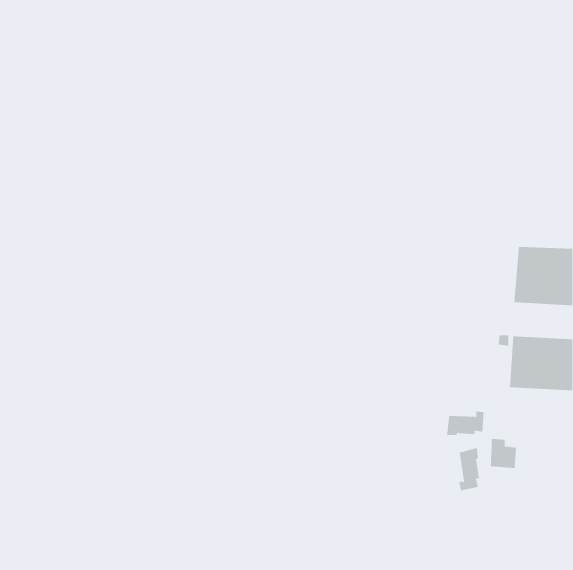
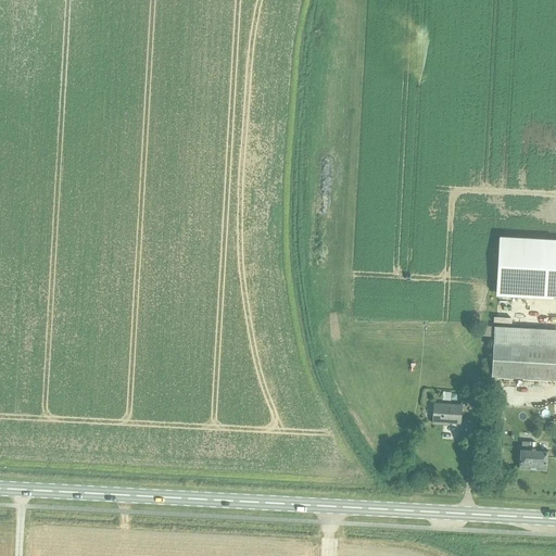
building: [490,438,517,469] -> [520,440,546,469]
building: [459,447,480,491] -> none

